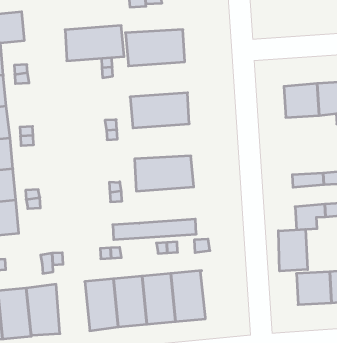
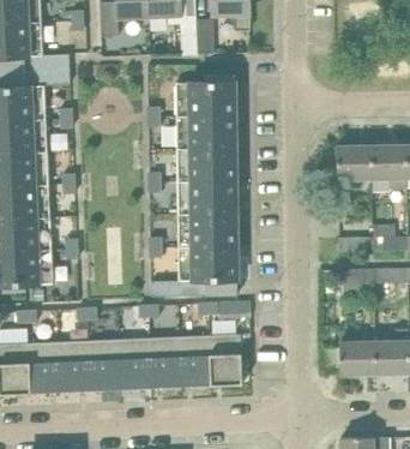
building: [65,26,124,61] -> [176,115,236,149]
building: none -> [177,180,236,214]
building: none -> [177,246,237,281]
building: [278,229,308,271] -> none
building: none -> [89,339,121,391]

